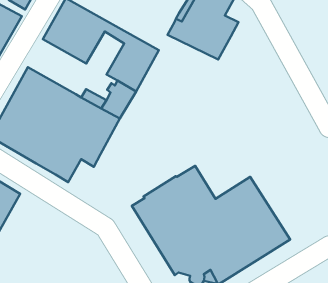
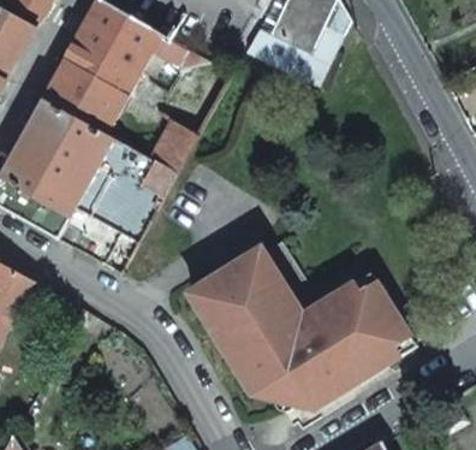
building: none -> [43,59,126,132]

